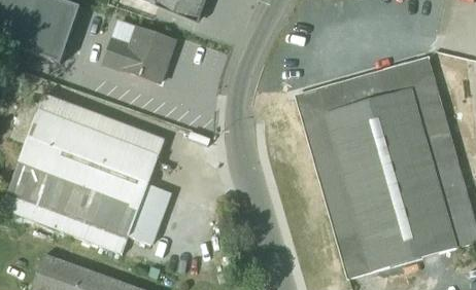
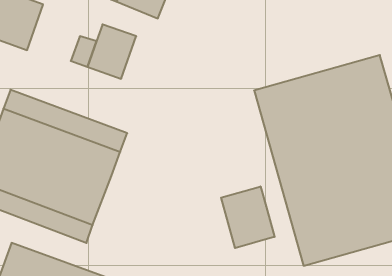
building: [129,184,170,244] -> none
building: none -> [221,186,275,248]

